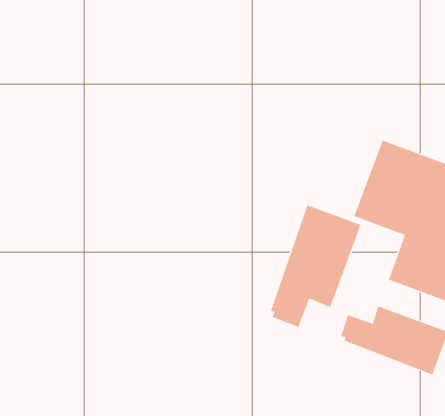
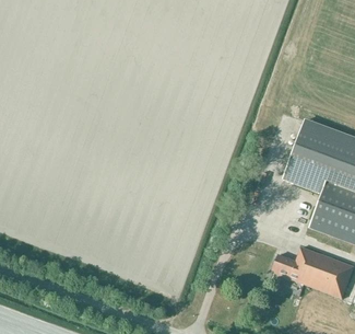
building: [270,205,361,328] -> none

